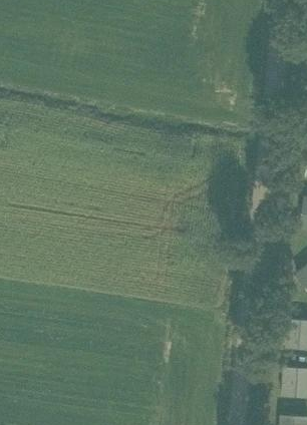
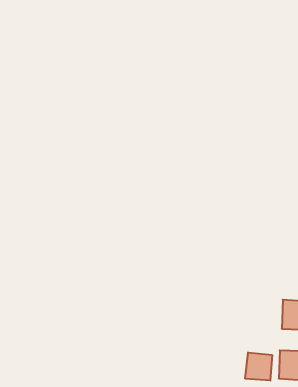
building: none -> [245,352,272,381]

